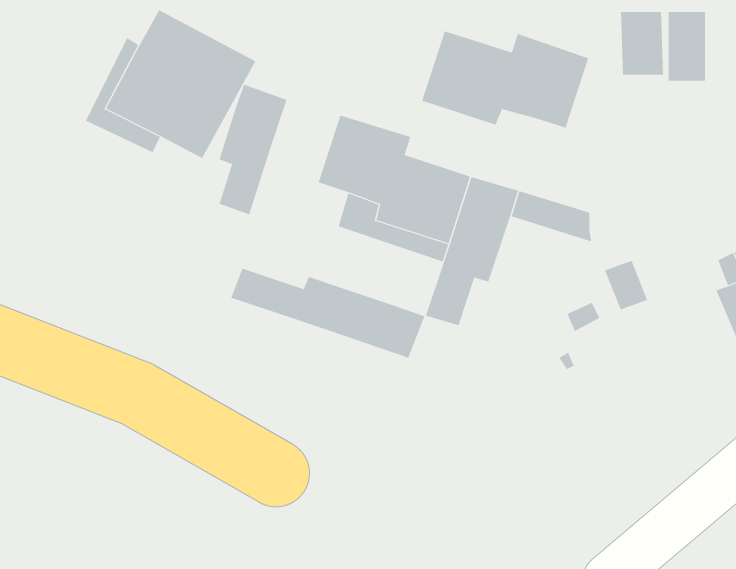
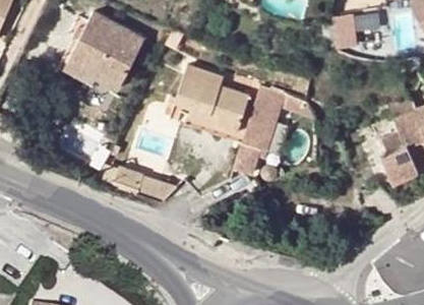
building: [421,30,589,129] -> none
building: [219,84,287,215] -> none
building: [231,268,425,359] -> none

